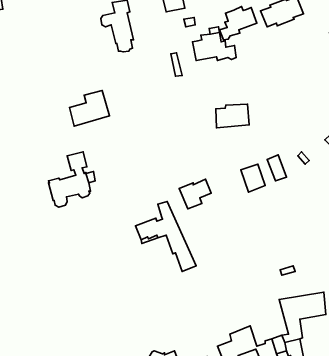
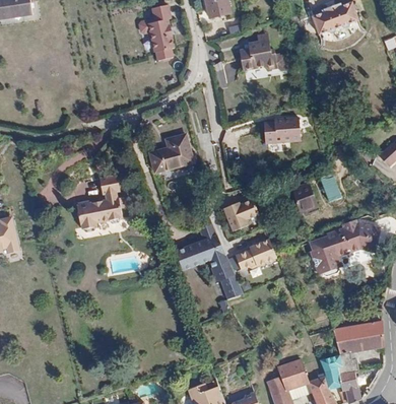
building: [220,7,257,40] -> none
building: [69,91,109,126] -> [149,134,193,173]
building: none -> [311,222,381,278]
building: none -> [235,240,276,270]

